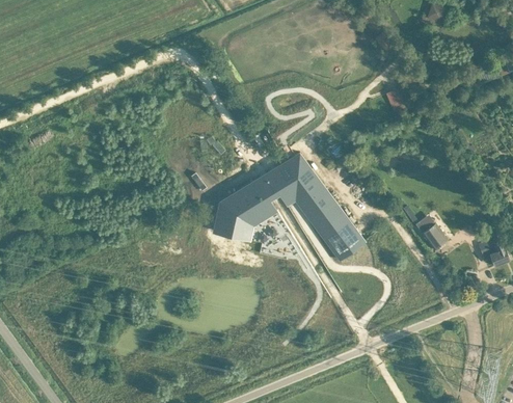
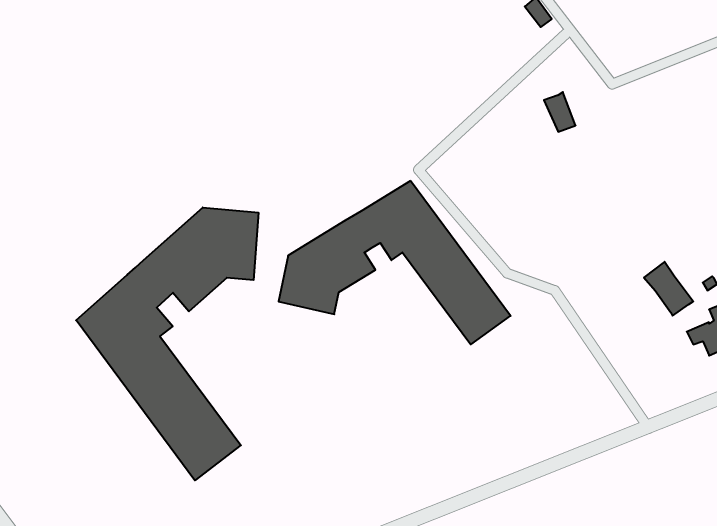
building: none -> [76,207,258,480]
building: [414,216,447,251] -> [644,262,693,316]

